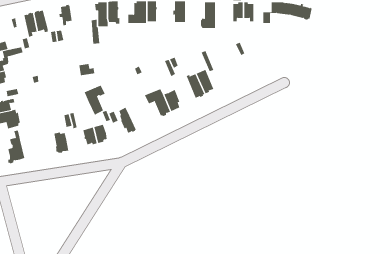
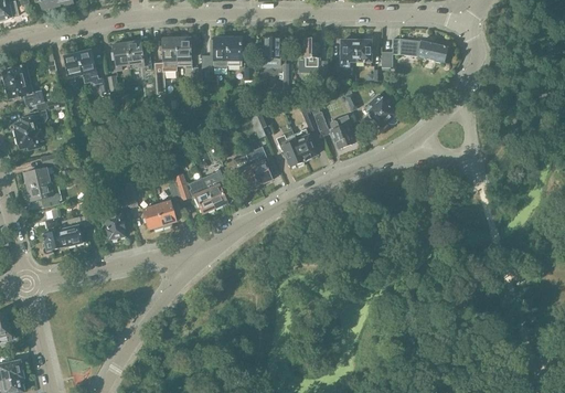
building: none -> [126,40,152,68]
building: none -> [364,96,397,126]
building: none -> [312,109,353,148]
building: [84,85,105,116] -> [200,167,228,208]
building: none -> [61,210,93,245]

